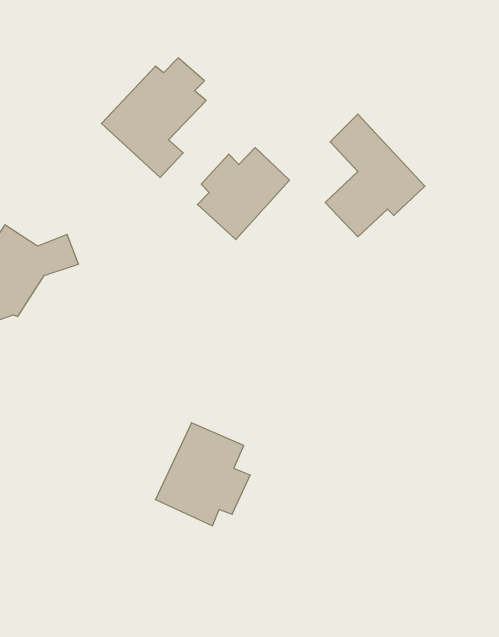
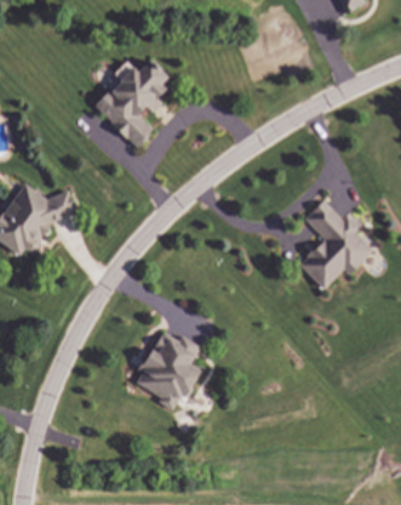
building: [325,114,425,237] -> [299,197,373,288]
building: [197,148,289,240] -> none

